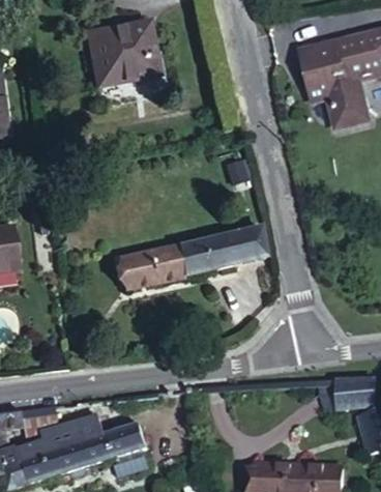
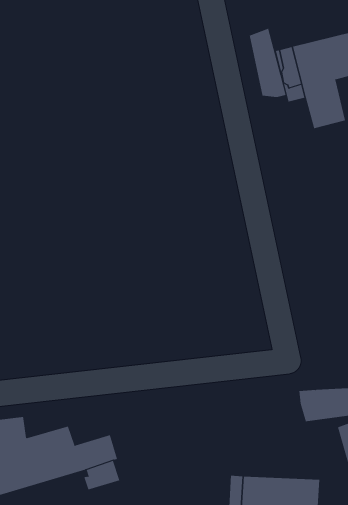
building: [86,21,158,85] -> none
building: none -> [249,28,286,98]
building: [119,226,265,288] -> none

